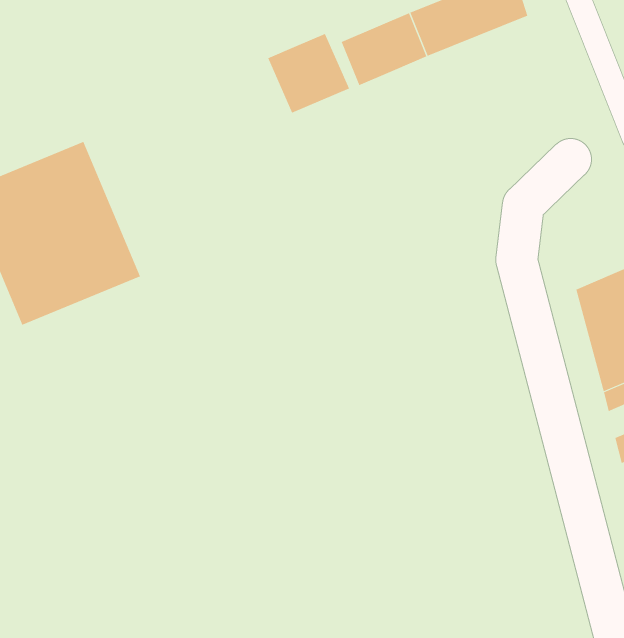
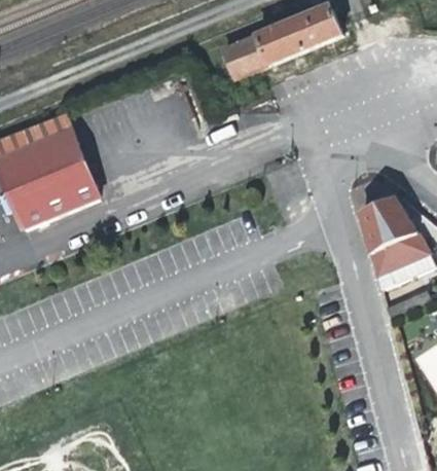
building: [267,33,350,113] -> none

